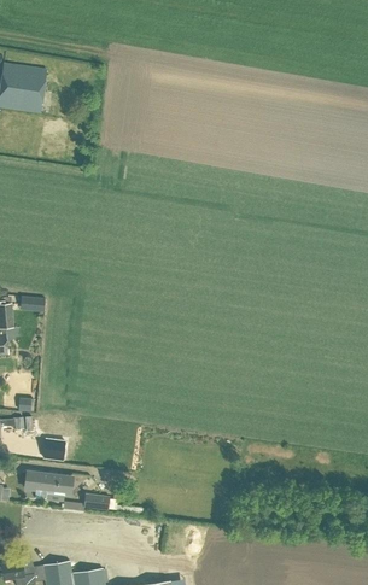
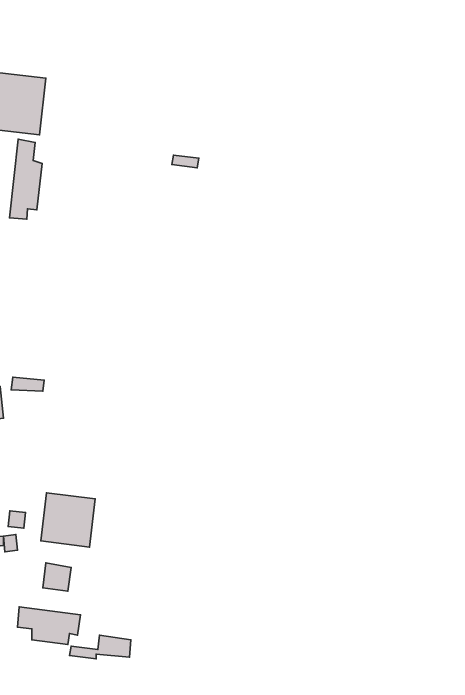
building: none -> [10,139,42,219]
building: none -> [41,493,95,547]

